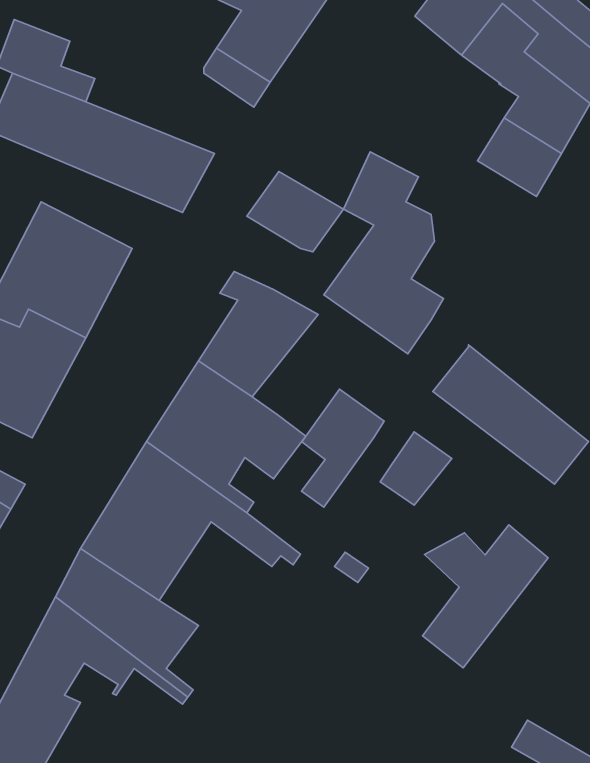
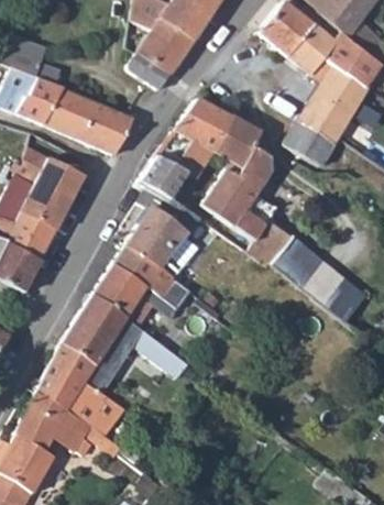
building: none -> [175,99,231,152]
building: none -> [284,122,333,166]
building: none -> [138,156,188,201]
building: [302,389,384,507] -> none
building: [380,432,452,505] -> [248,220,292,265]
building: [422,525,548,668] -> none

